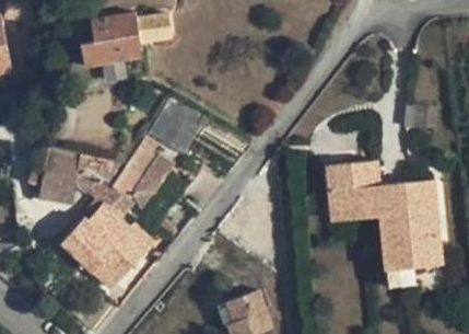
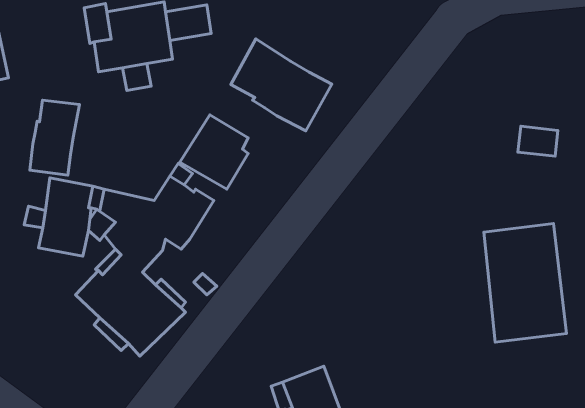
building: none -> [231,39,332,131]
building: none -> [30,100,79,175]
building: [328,162,383,222] -> none

